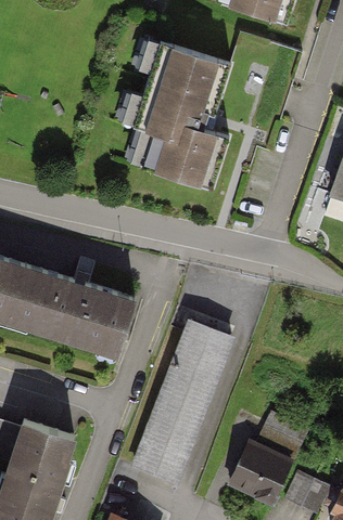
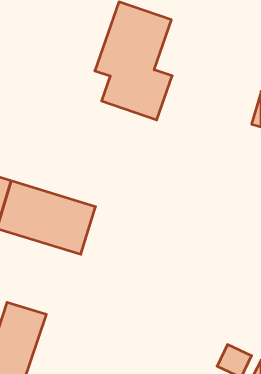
building: [134,321,232,481] -> none
building: [231,414,306,500] -> none

